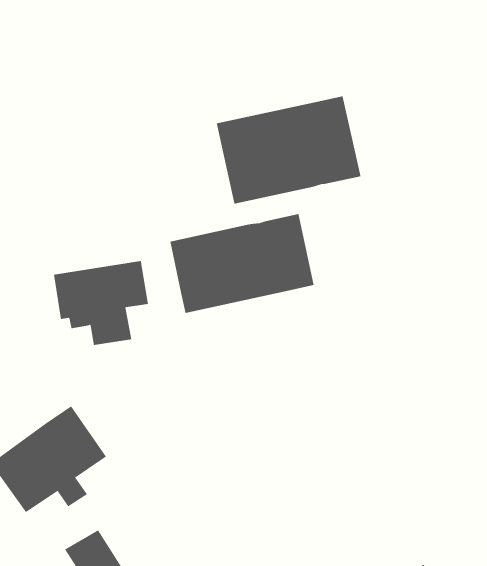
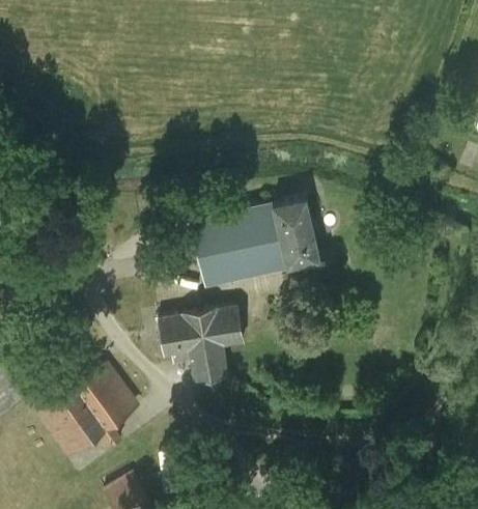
building: [216,95,361,204] -> none
building: [53,260,149,345] -> [158,308,242,383]

